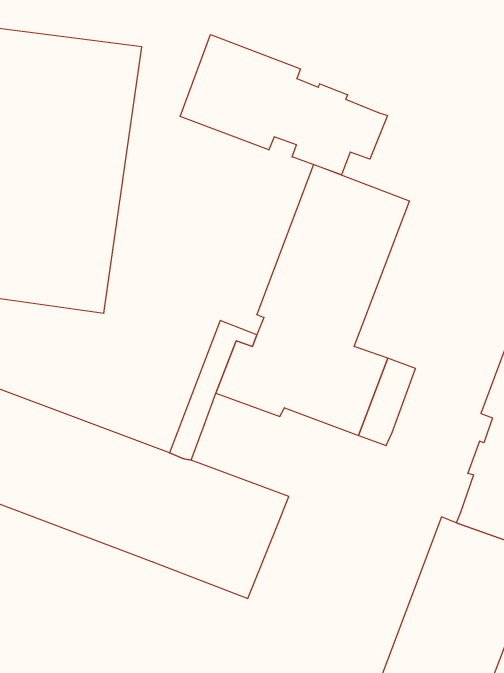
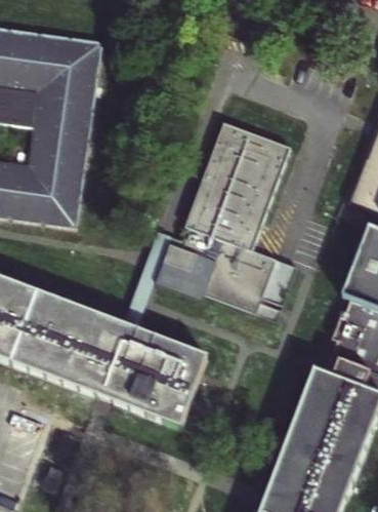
building: [180,35,388,175] -> none

